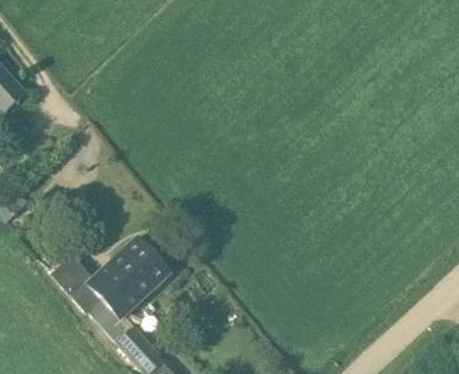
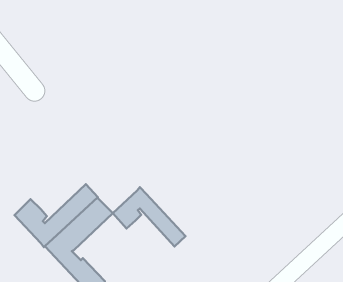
building: none -> [113,187,186,246]

